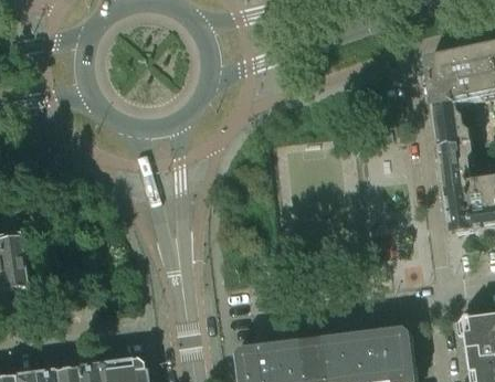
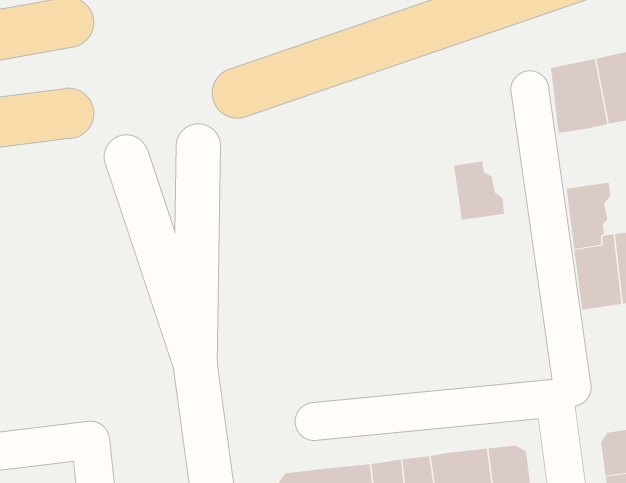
building: [433,103,470,145] -> [453,161,505,220]

